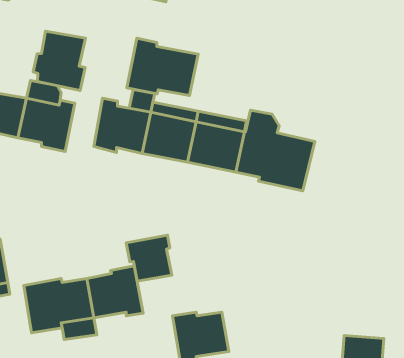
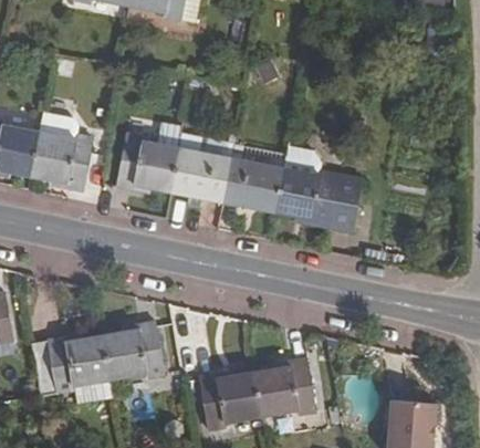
building: [33,31,85,90] -> none
building: [127,38,198,96] -> none
building: [126,235,172,281] -> none
building: none -> [255,358,319,417]

